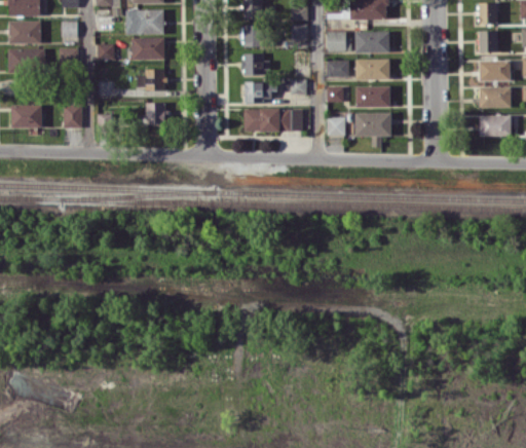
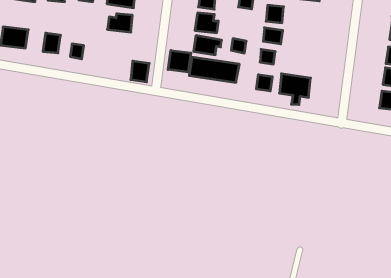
building: [355,31,390,51] -> none
building: [355,58,390,79] -> none
building: [356,85,391,107] -> none
building: [146,102,166,124] -> [131,61,149,82]
building: none -> [168,50,191,72]

